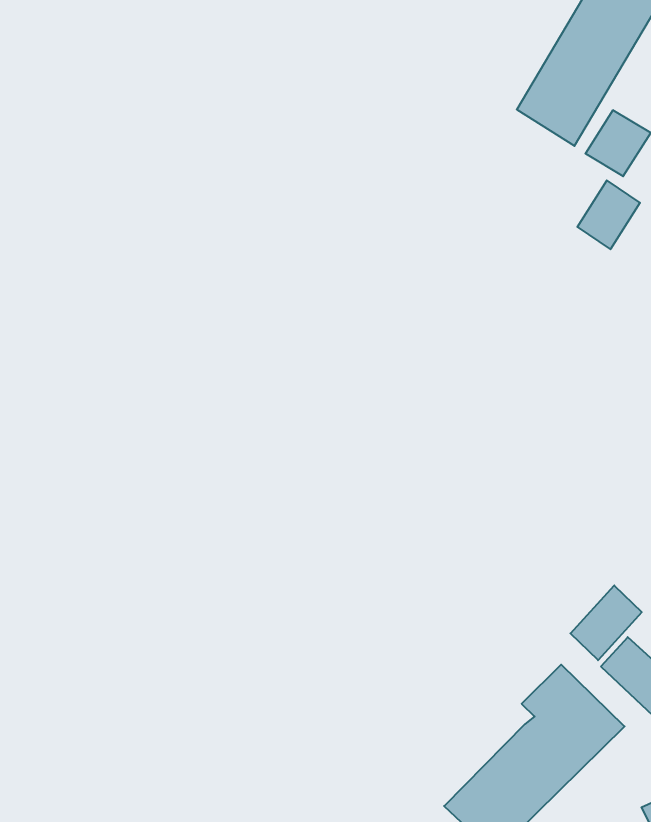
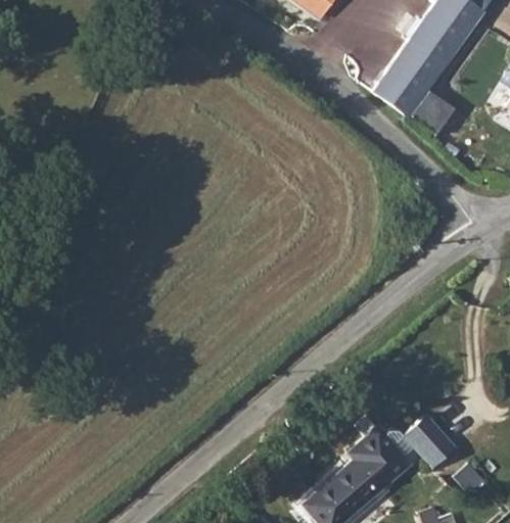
building: [577,180,640,249] -> none
building: [570,585,642,660] -> none

